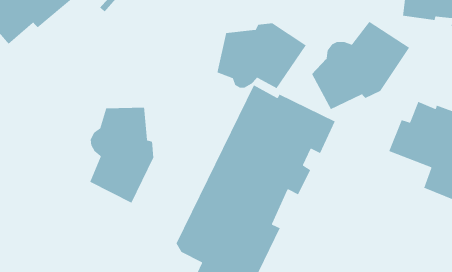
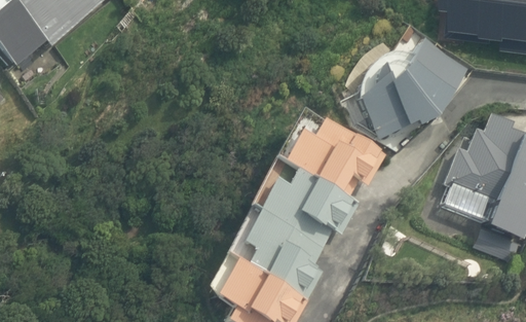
building: [216,22,307,89] -> none
building: [89,107,154,204] -> none

